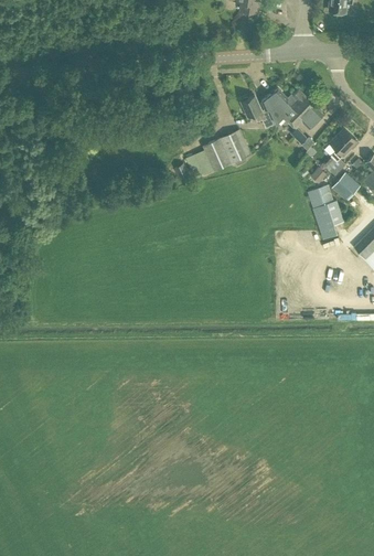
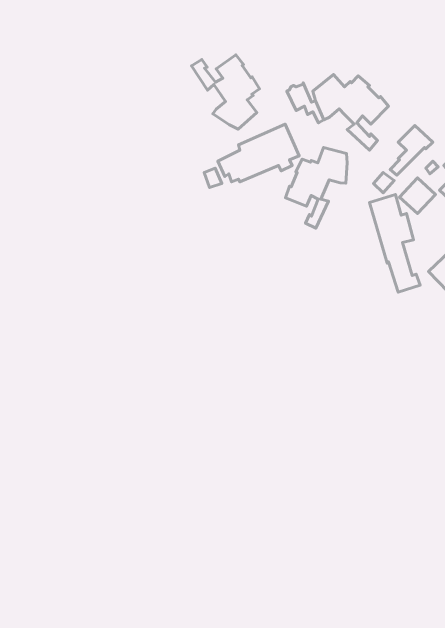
building: none -> [192,55,260,129]
building: none -> [285,148,347,228]

